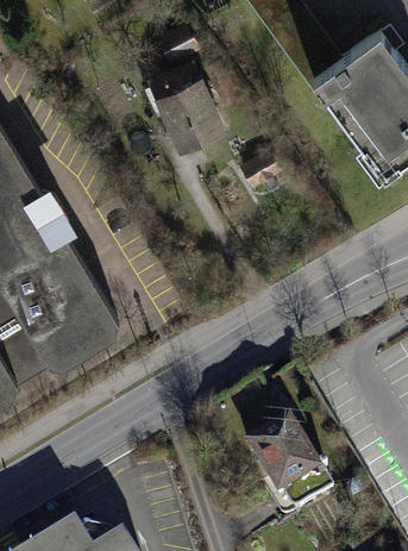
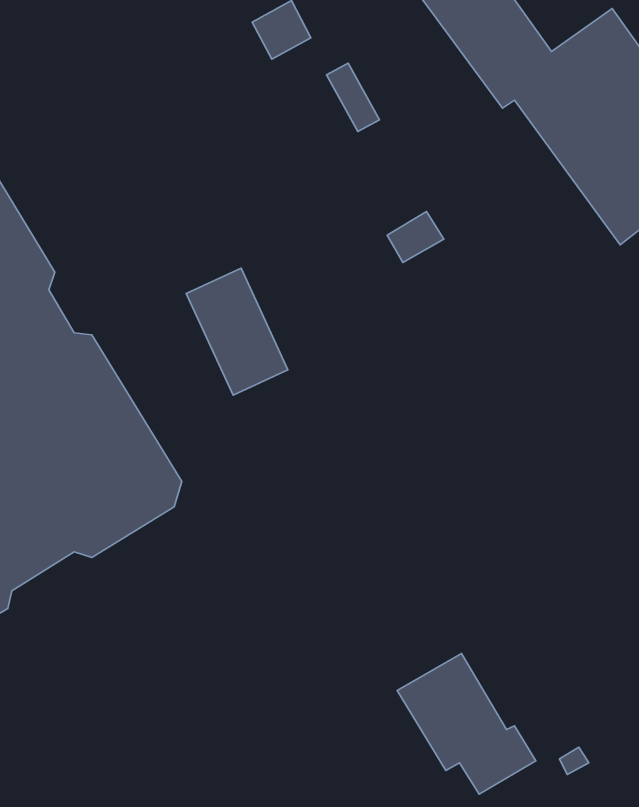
building: [156,65,218,143] -> [186,268,288,395]

